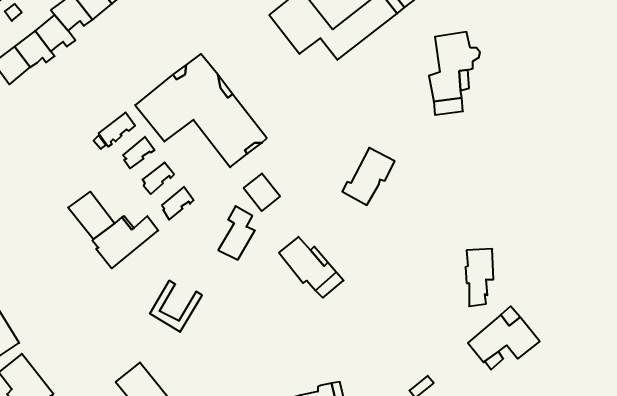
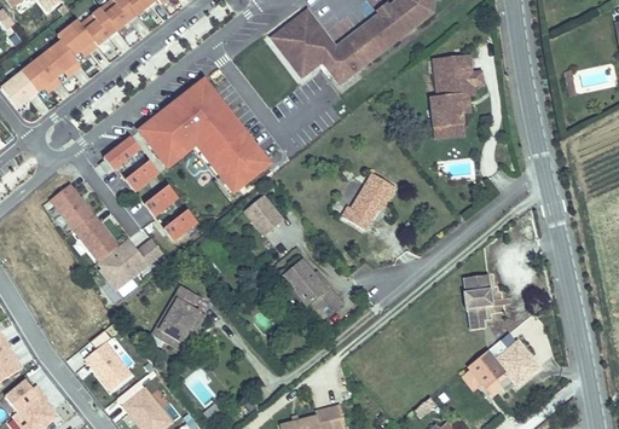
building: none -> [48,184,94,231]
building: [218,206,255,260] -> [163,290,199,343]
building: none -> [85,330,132,390]

